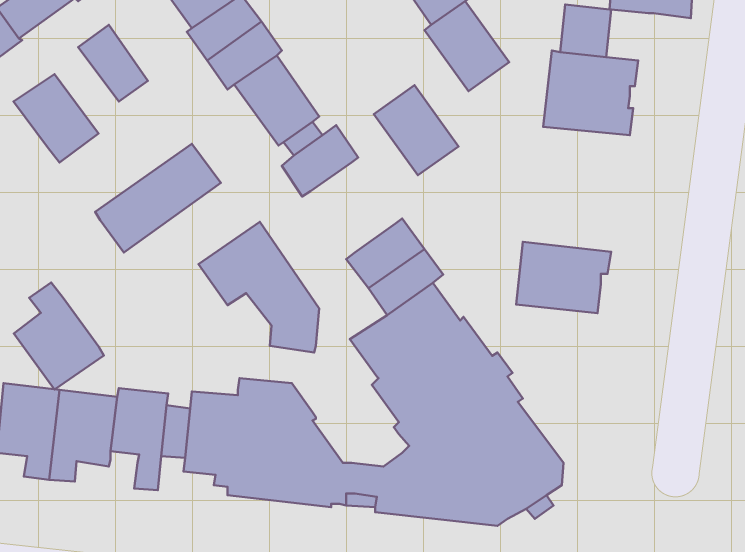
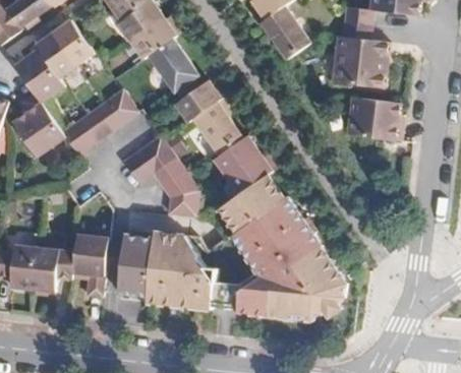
building: none -> [36,33,77,77]
building: [374,85,459,175] -> [192,102,243,156]
building: [516,242,611,313] -> [344,96,401,138]
building: [14,282,104,389] -> [12,92,66,157]

